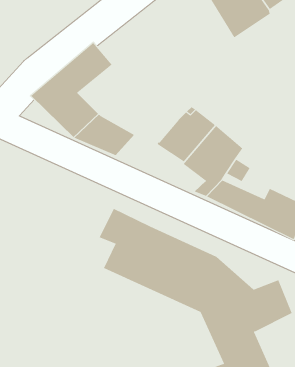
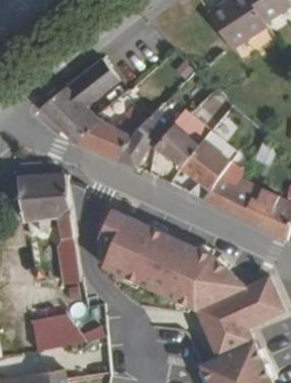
building: none -> [113,110,173,168]
building: none -> [16,174,79,284]
building: none -> [31,314,104,350]

